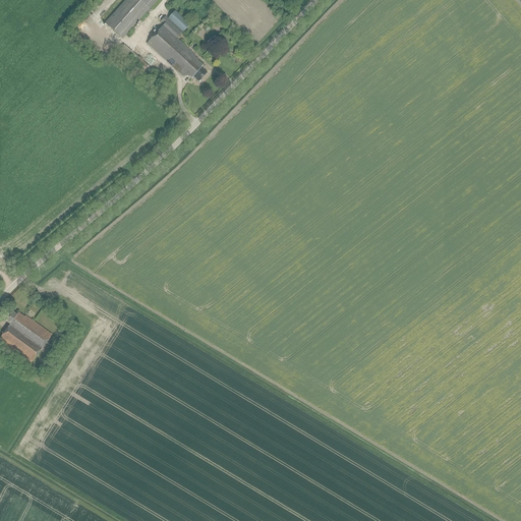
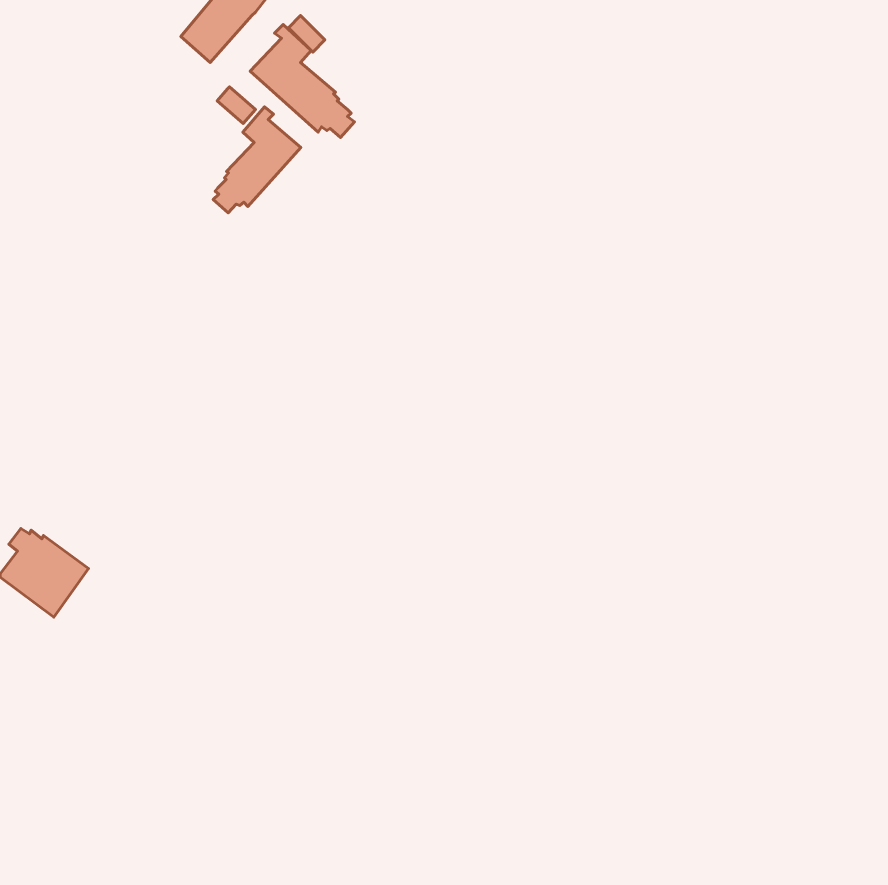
building: none -> [213,107,301,213]

